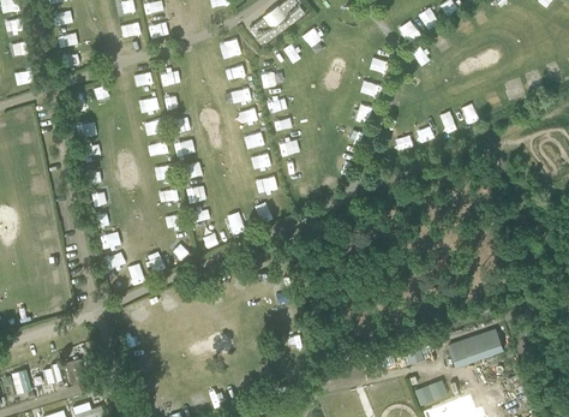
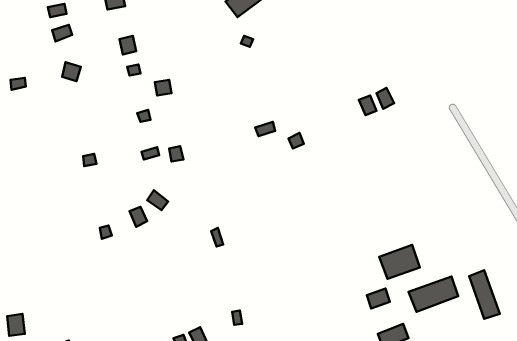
building: none -> [379,245,420,279]
building: none -> [469,270,500,319]

